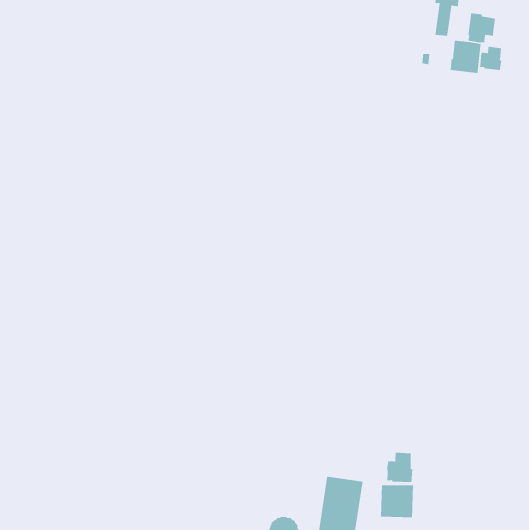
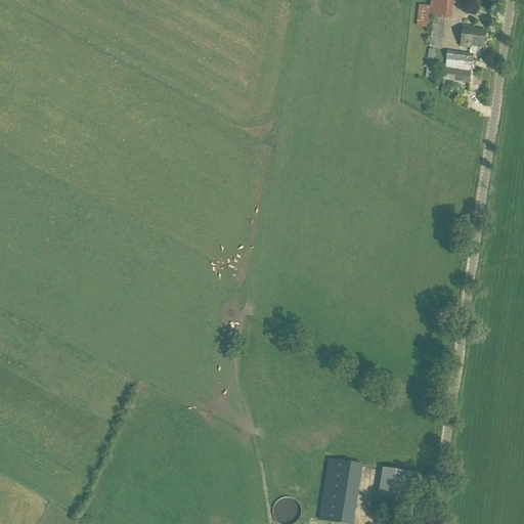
building: [479,46,502,71] -> none
building: [387,452,413,483] -> none

